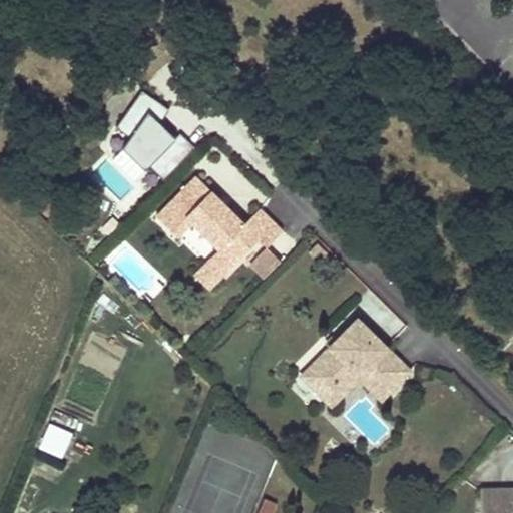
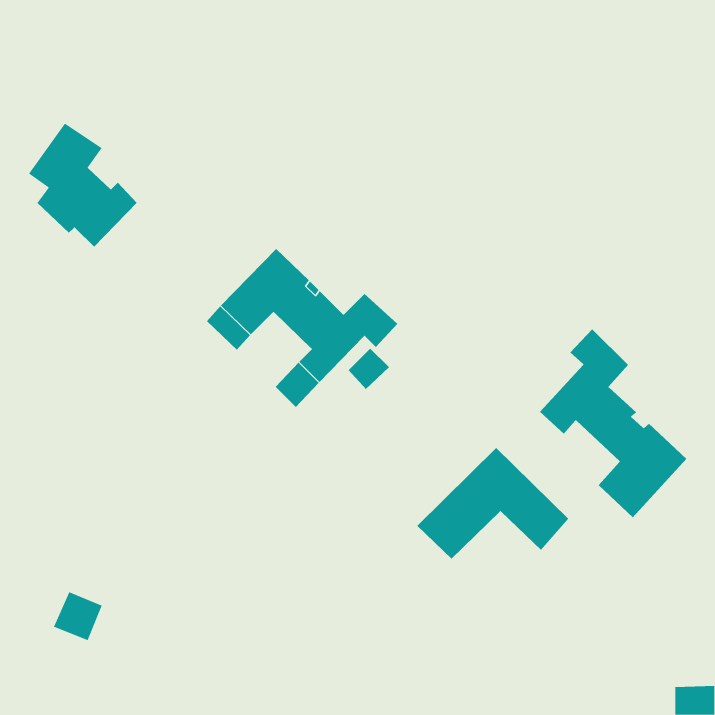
building: [117,93,195,182] -> [28,123,138,248]
building: none -> [539,329,687,518]
building: [323,366,387,408] -> none

